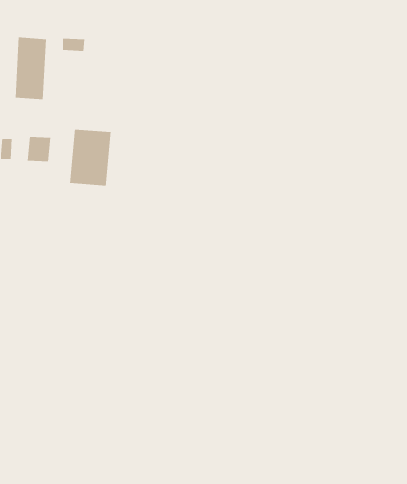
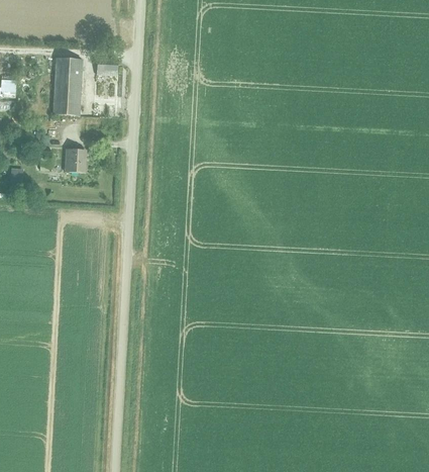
building: [69,129,111,186] -> none

